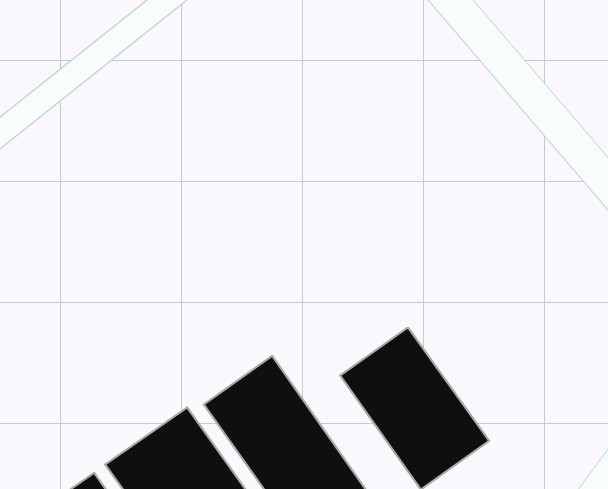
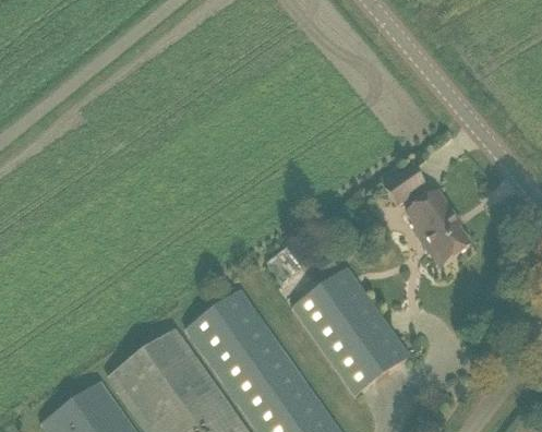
building: none -> [385,169,423,204]
building: none -> [407,192,469,266]

